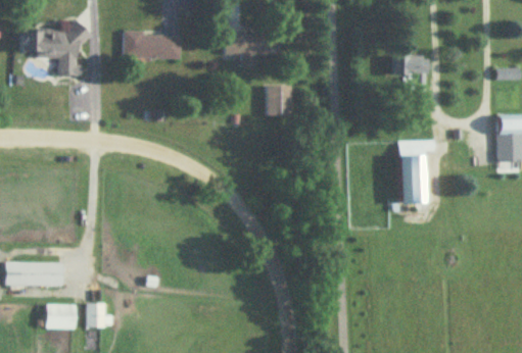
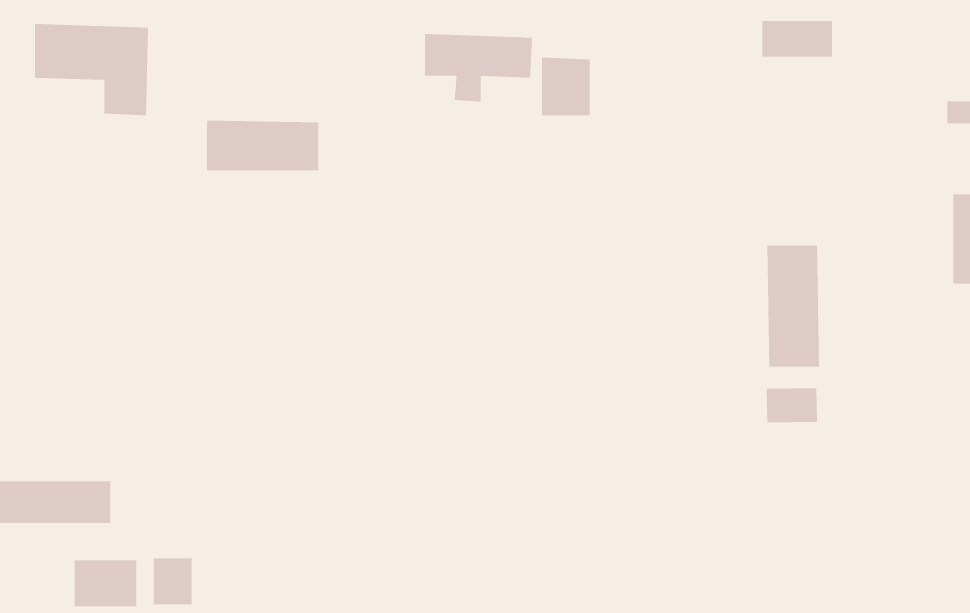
building: [123,32,181,58] -> [206,120,319,171]
building: [393,56,430,75] -> [762,20,833,58]
building: [266,86,291,116] -> [541,57,591,116]
building: none -> [766,387,818,423]

